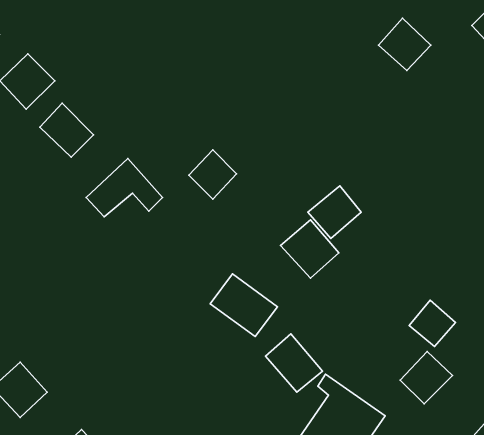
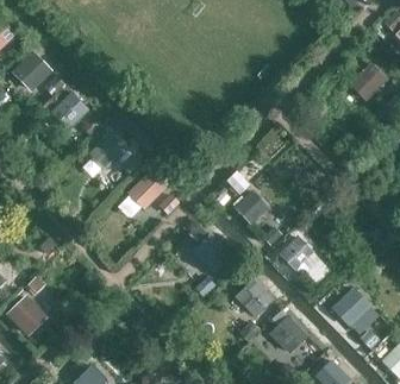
building: [379,18,431,71] -> [346,57,388,99]
building: [189,150,237,199] -> [129,171,167,210]
building: [308,186,361,239] -> none
building: [409,300,455,346] -> [282,237,319,273]

